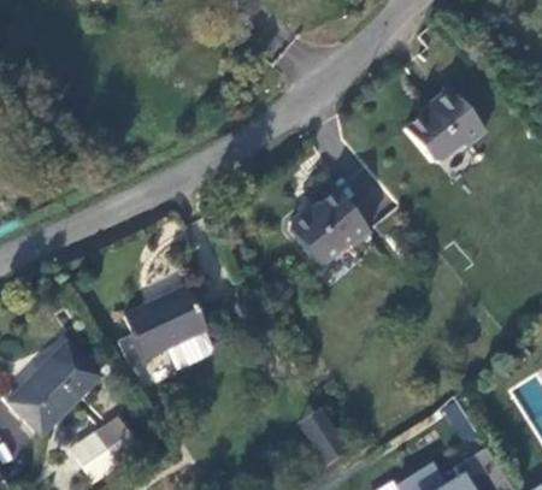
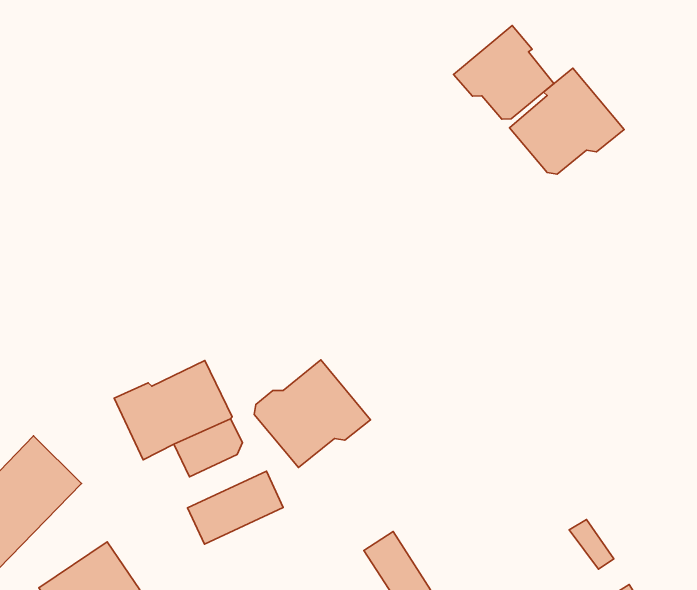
building: none -> [454,25,554,119]
building: [288,190,370,266] -> [254,360,370,468]
building: none -> [188,471,283,544]

